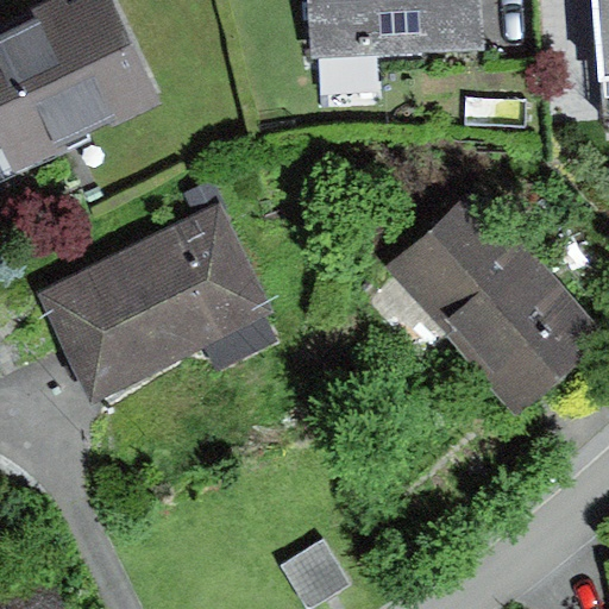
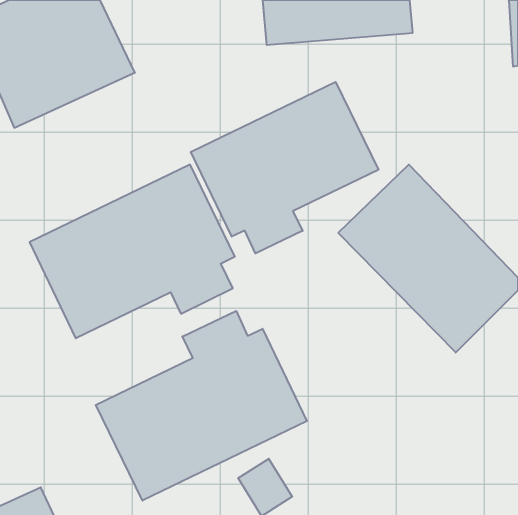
building: none -> [191,82,378,253]
building: none -> [96,311,307,501]

